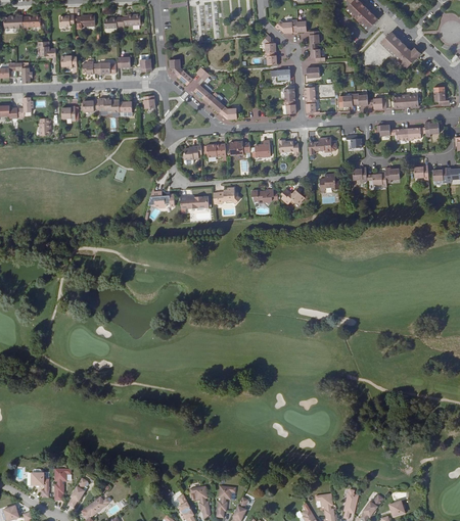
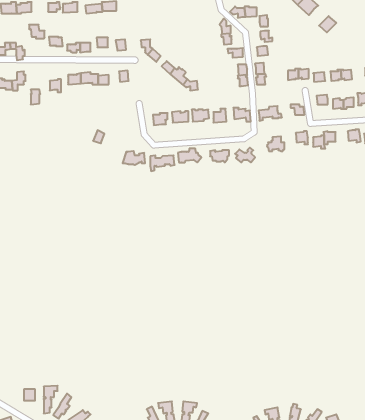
building: [388,39,420,67] -> none

